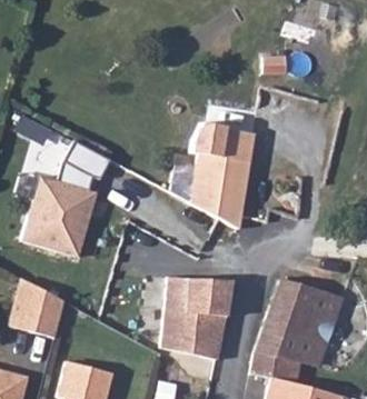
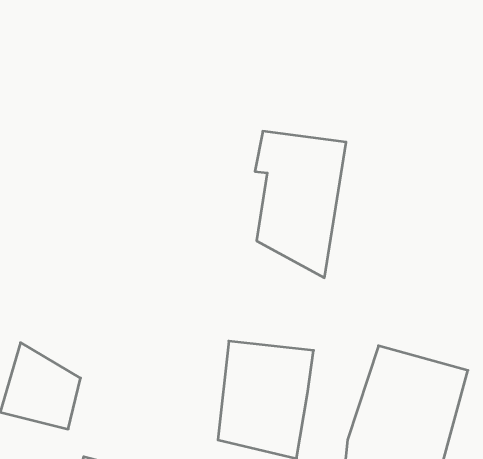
building: [22,141,107,255] -> none

